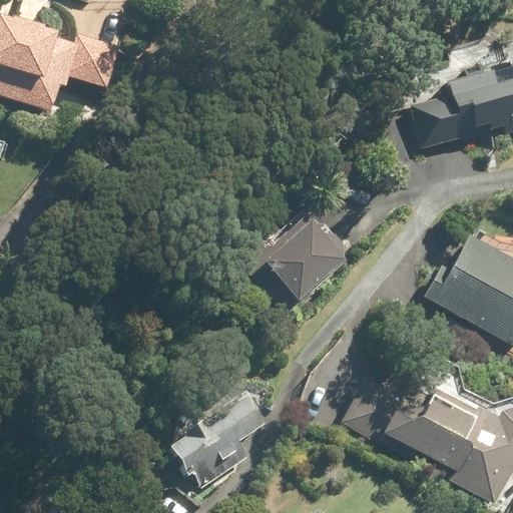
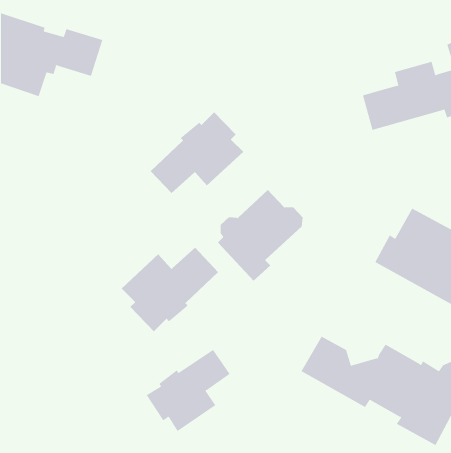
building: none -> [150,112,244,194]
building: none -> [121,247,219,332]

